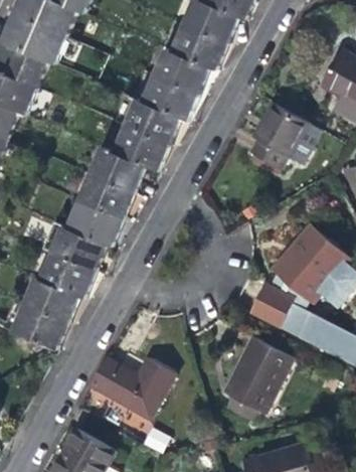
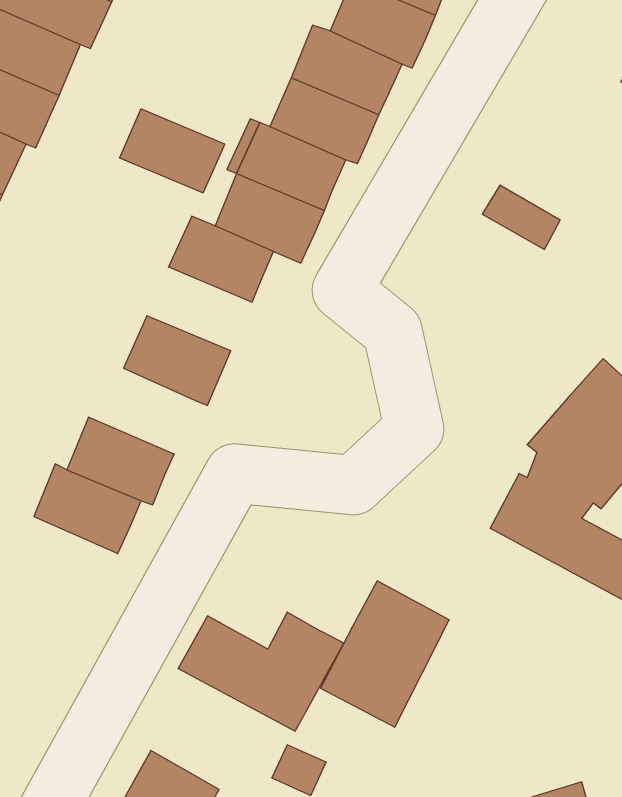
building: [254,104,308,154] -> none
building: [76,178,131,221] -> [119,109,225,193]
building: [36,223,103,275] -> none
building: [7,307,61,352] -> none
building: [226,337,293,413] -> [321,581,449,727]

